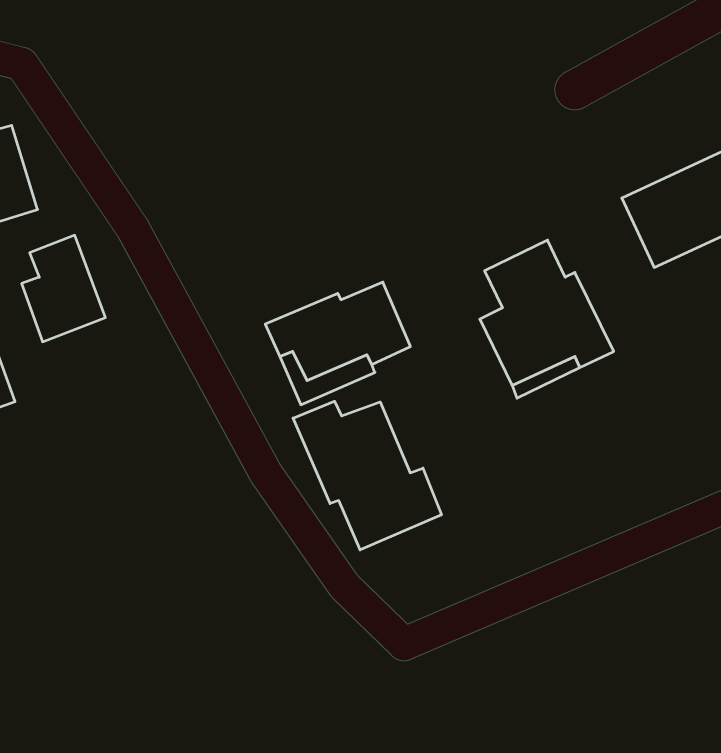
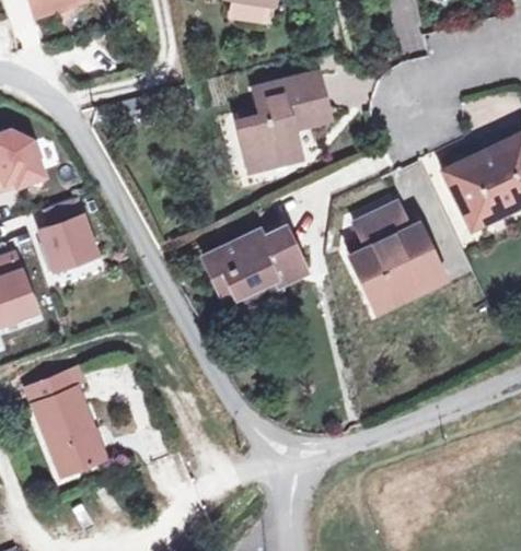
building: none -> [238,71,328,169]
building: [293,401,441,550] -> none
building: none -> [28,372,103,474]

